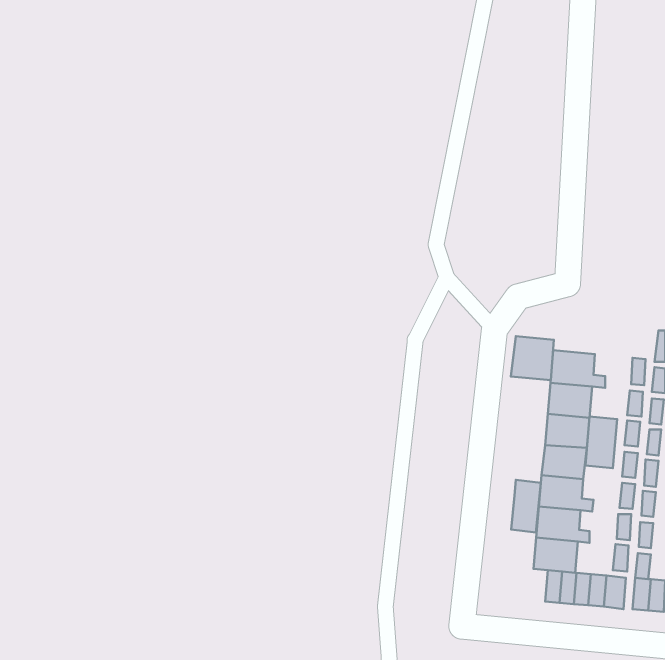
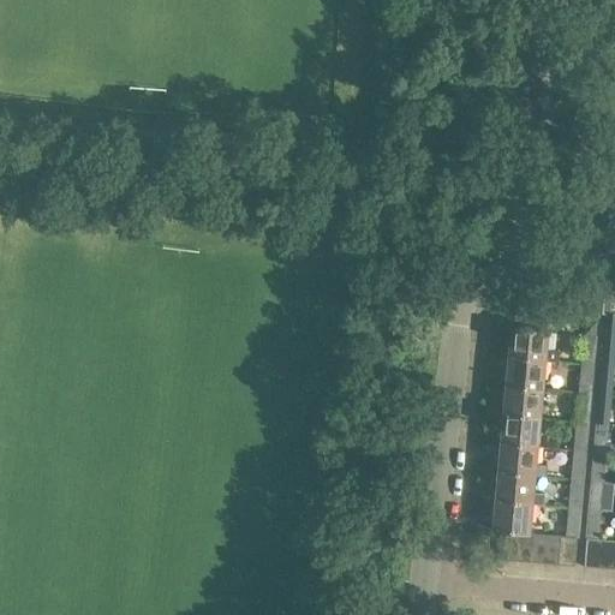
building: [511,336,554,380] -> none
building: [586,416,617,468] -> none
building: [511,480,541,532] -> none

